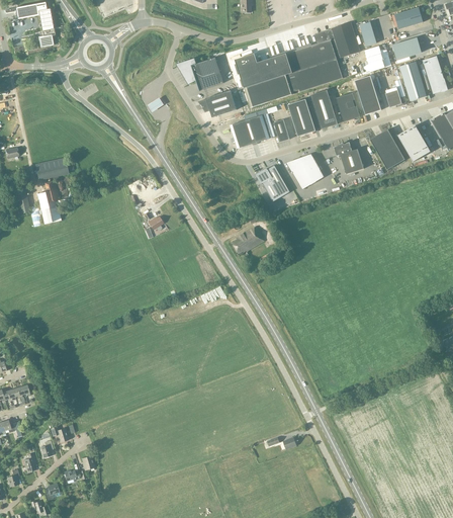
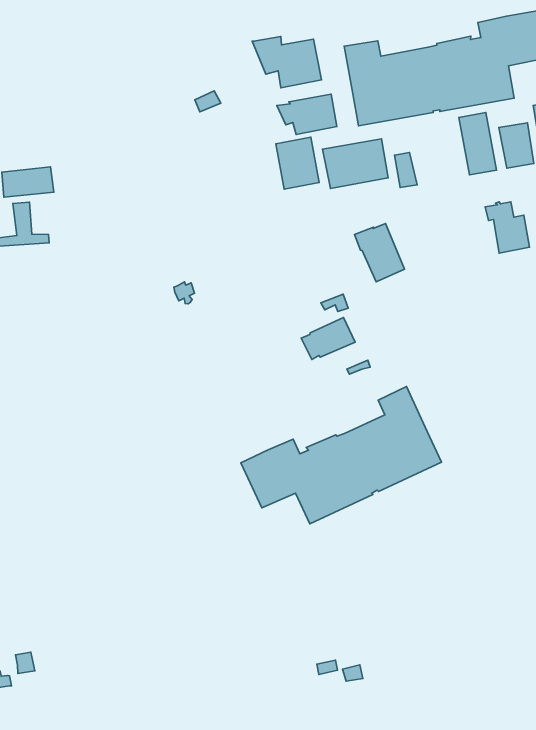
building: [288,98,315,136] -> none
building: none -> [276,137,319,189]
building: [286,153,324,189] -> none
building: none -> [241,386,442,524]

